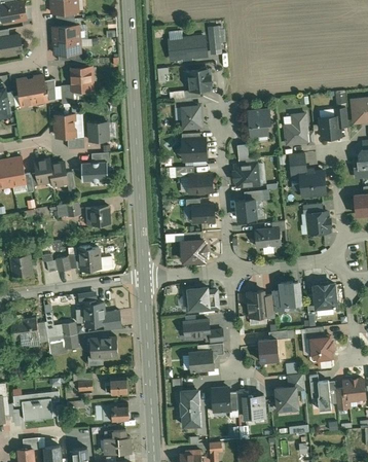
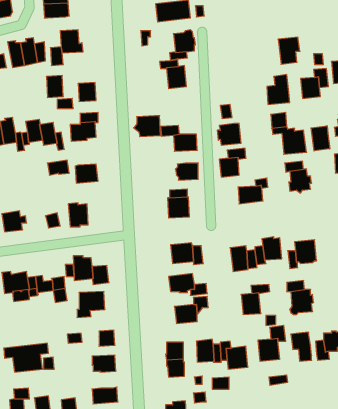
building: [248,109,270,137] -> [278,37,300,64]
building: [179,139,207,161] -> [134,116,161,137]
building: none -> [311,126,330,151]

